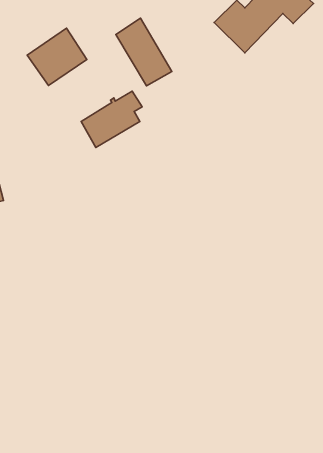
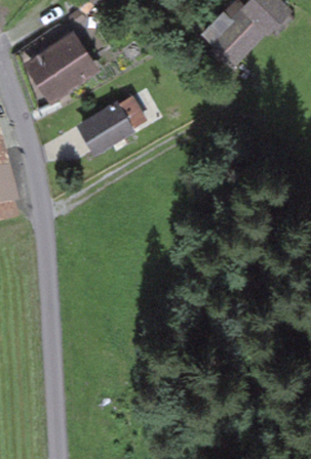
building: [116,18,172,86] -> none

